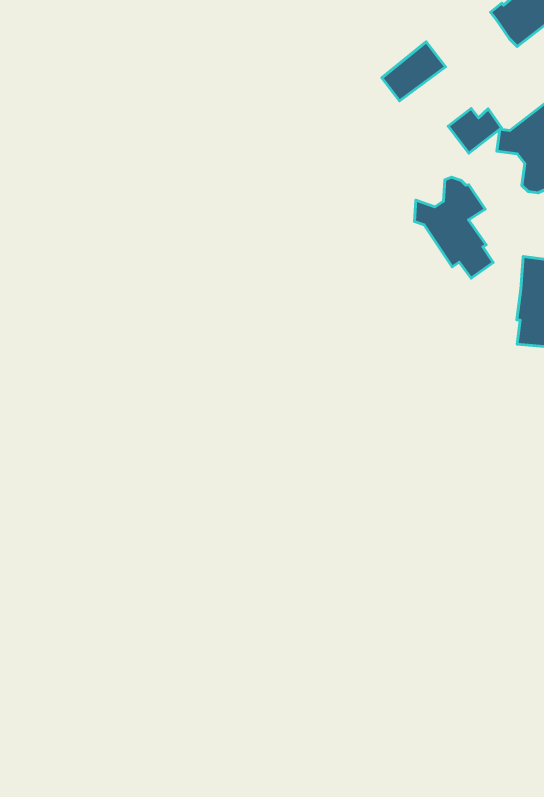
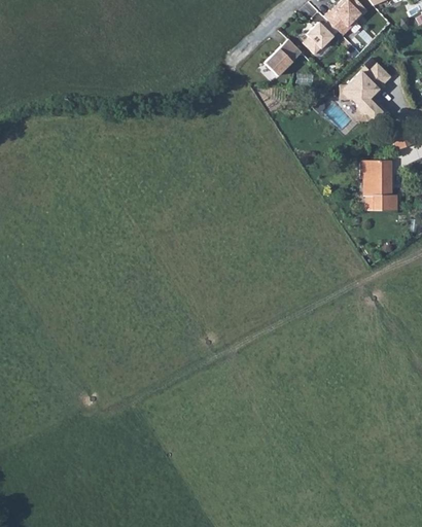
building: [448,108,501,153] -> [307,21,339,48]
building: [414,177,493,278] -> none

